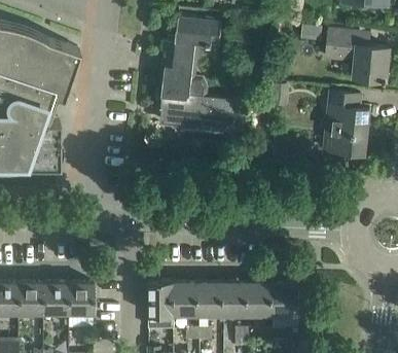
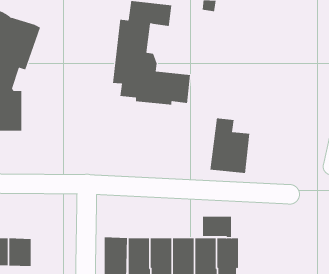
building: [327,29,389,80] -> none
building: [323,92,368,153] -> [210,118,250,174]
building: none -> [202,216,232,238]
building: [67,282,92,313] -> none

